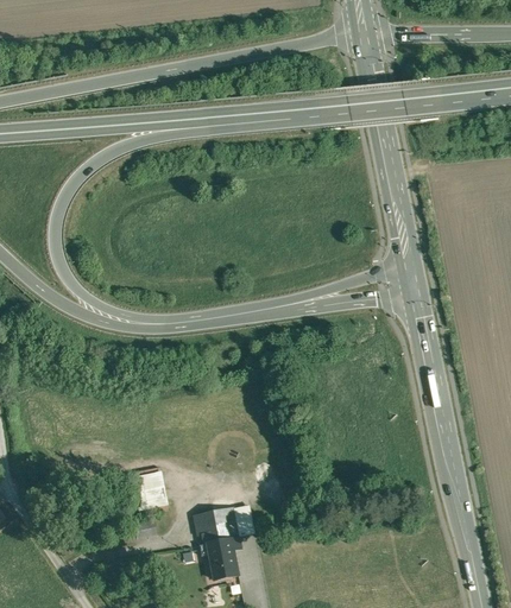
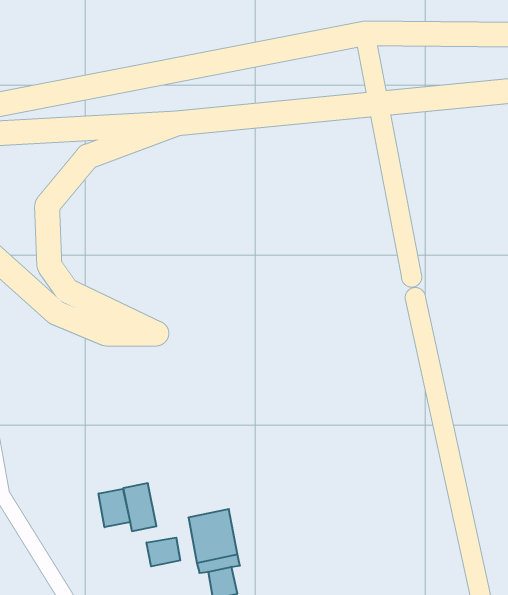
building: none -> [99,489,130,527]
building: none -> [147,538,180,566]

